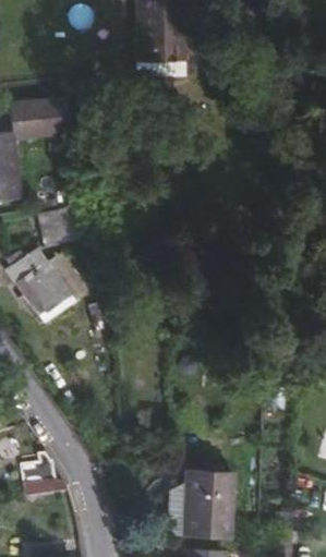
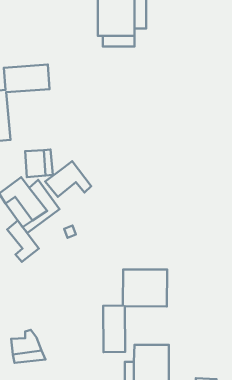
building: none -> [45,161,91,197]
building: none -> [7,220,39,262]
building: none -> [103,269,167,352]

